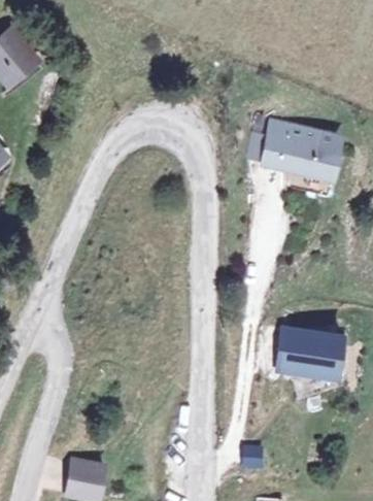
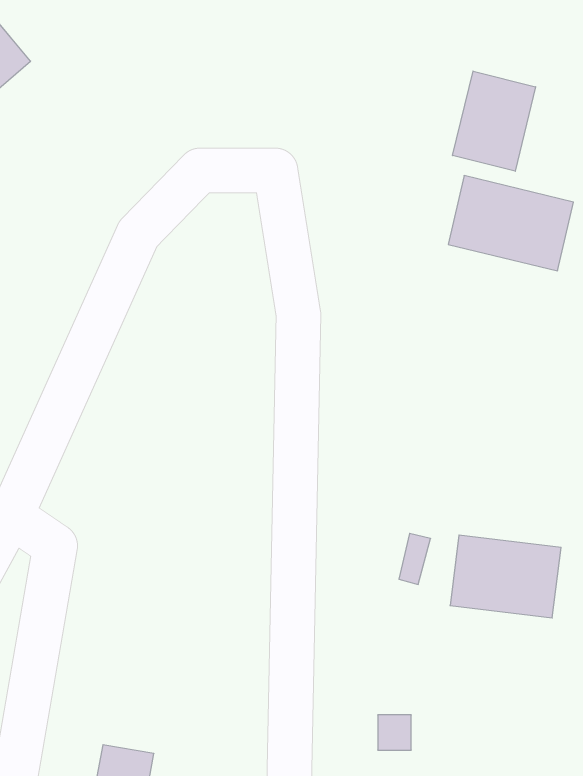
building: none -> [453,71,536,171]

